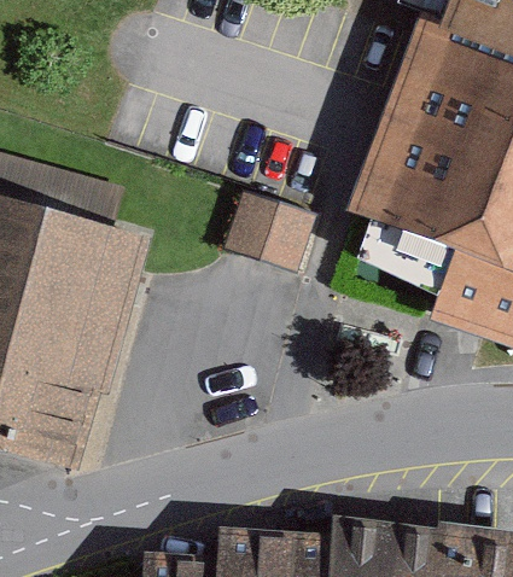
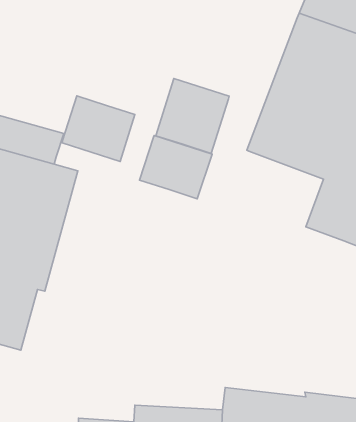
building: none -> [156,79,229,154]
building: none -> [62,96,135,161]

